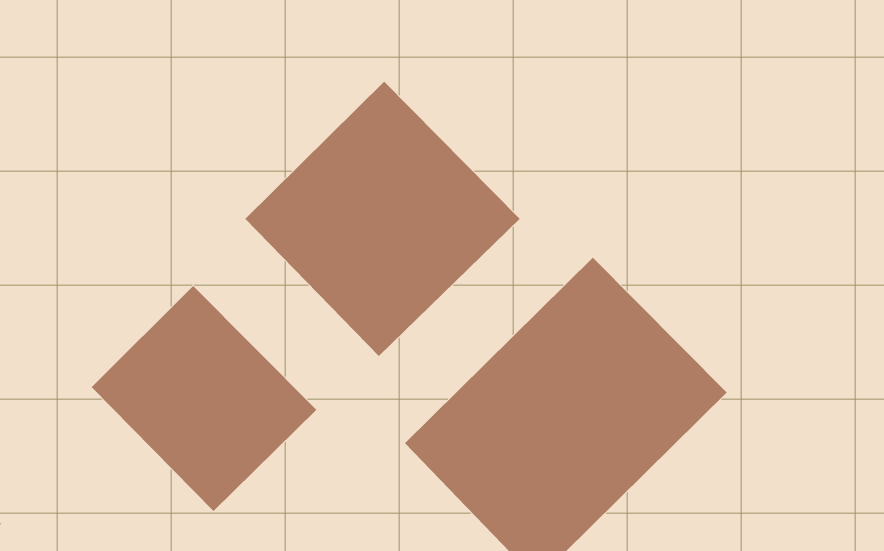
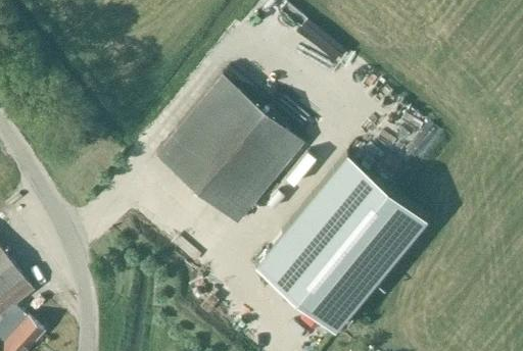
building: [91,285,317,512] -> none

